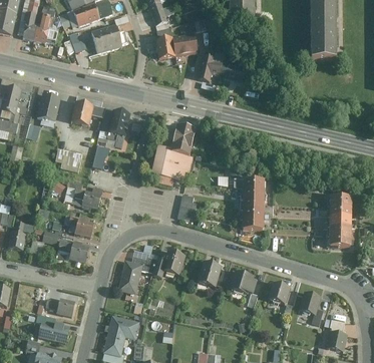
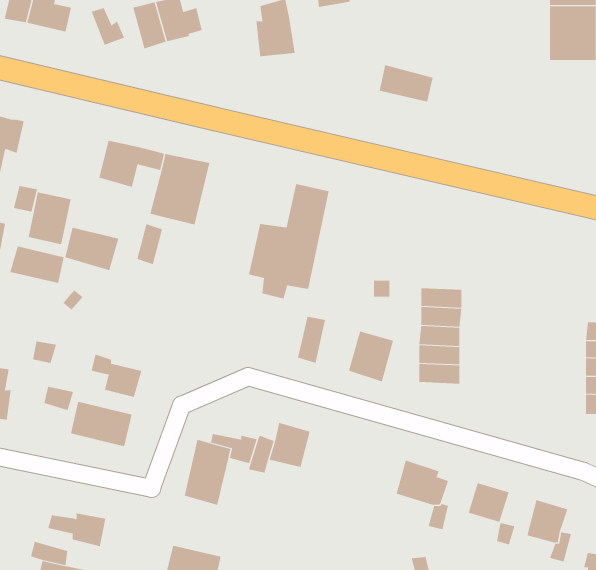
building: [173,32,198,54] -> none
building: [199,53,224,79] -> none
building: [38,92,61,120] -> [28,192,71,245]
building: [72,188,101,208] -> [10,246,64,284]
building: [198,260,222,287] -> [348,331,394,382]

